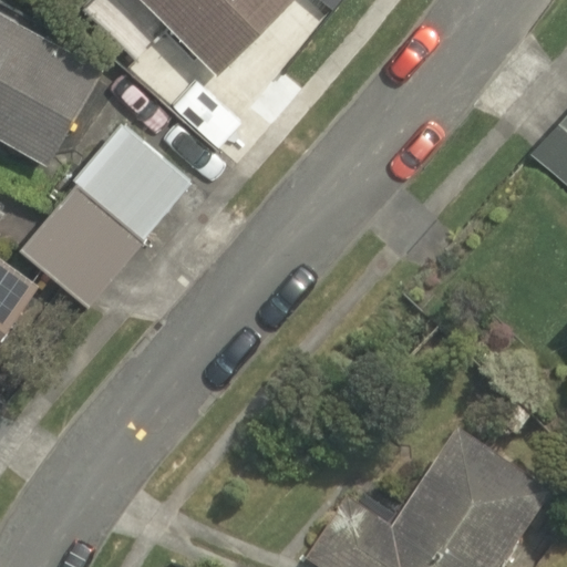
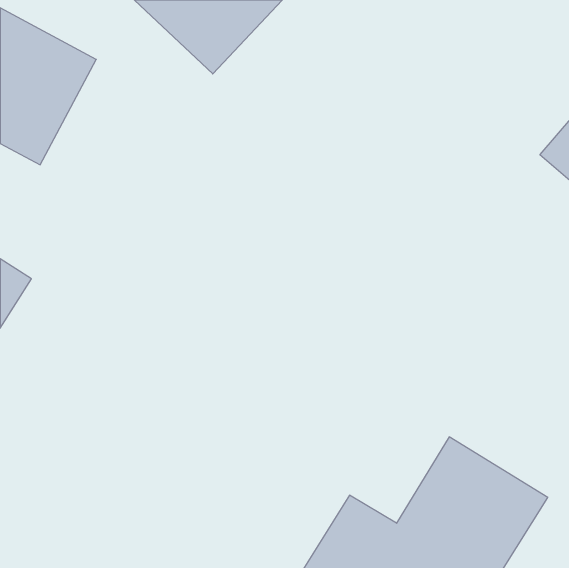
building: [14,117,190,307] -> none

